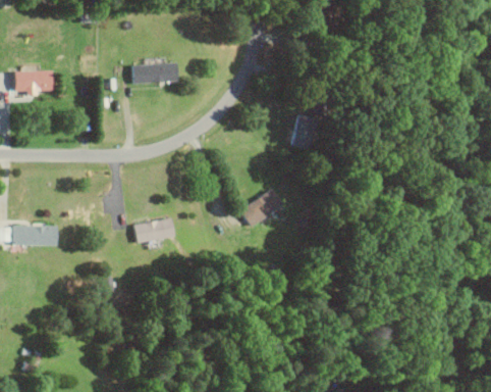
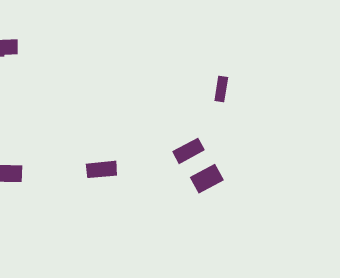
building: [132,63,178,84] -> none
building: none -> [189,163,225,194]

